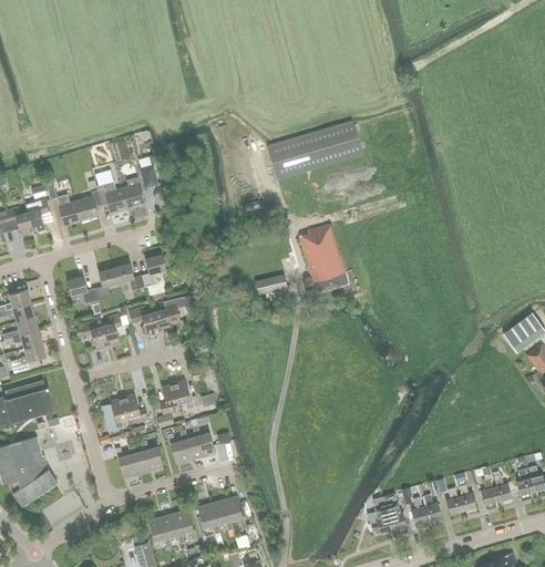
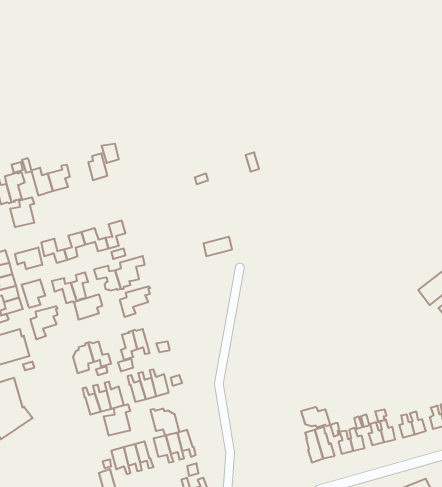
building: [267,121,362,179] -> none
building: [96,181,127,213] -> none
building: [299,224,349,292] -> none
building: none -> [10,197,34,227]
building: none -> [15,247,42,269]
building: none -> [22,279,45,308]
building: none -> [120,286,150,317]
building: none -> [74,294,102,320]
building: none -> [31,306,58,339]
building: none -> [104,404,130,436]
building: none -> [301,407,330,427]
building: none -> [150,408,179,435]

